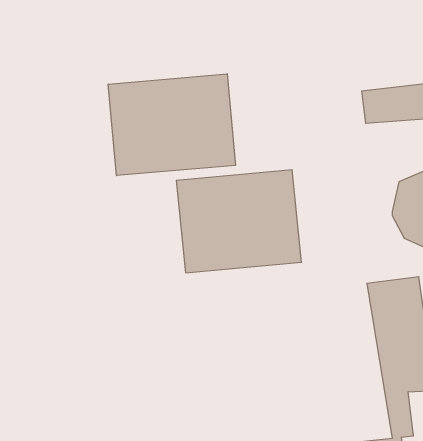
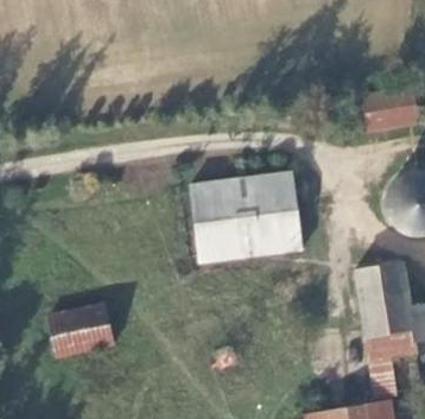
building: [108,74,236,176] -> none
building: none -> [49,306,113,356]

